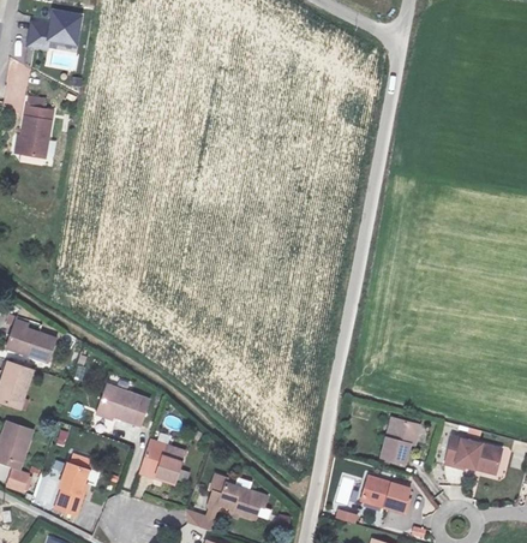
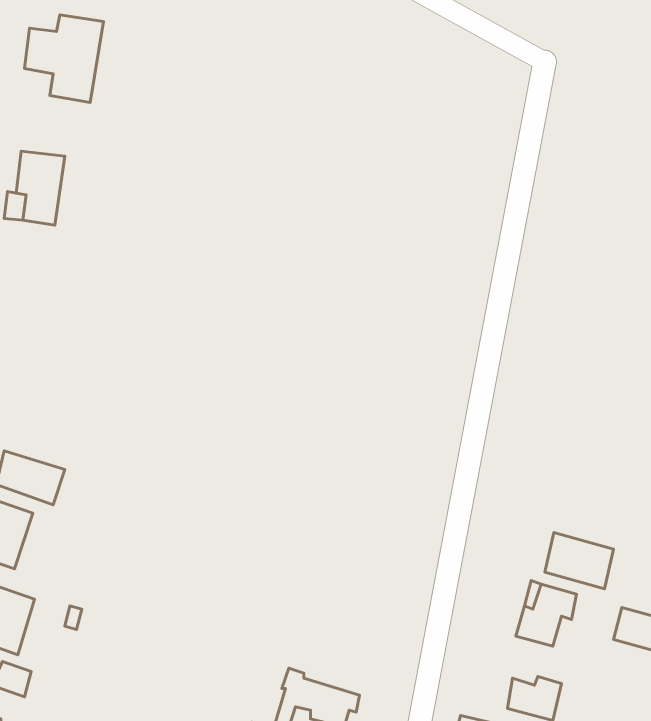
building: none -> [545,533,614,589]
building: [96,384,146,420] -> none
building: [140,437,186,479] -> none
building: [61,457,92,509] -> none

